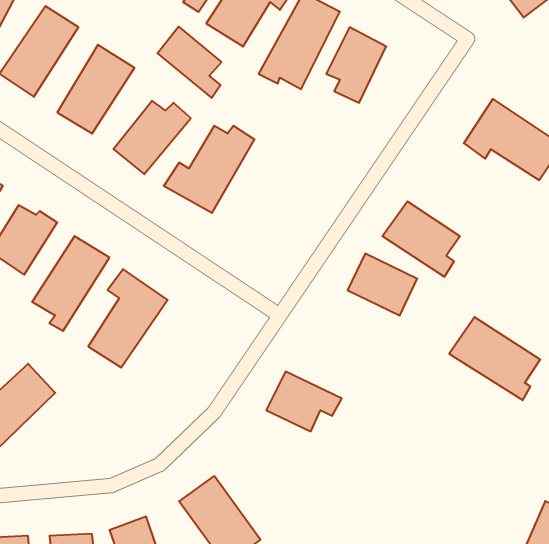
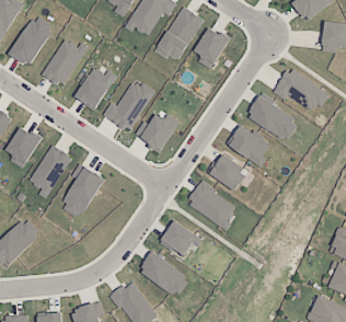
building: [157,27,221,98] -> none
building: none -> [246,95,299,140]
building: none -> [134,113,176,150]
building: [449,317,540,400] -> [185,181,237,228]
building: none -> [139,251,189,297]

